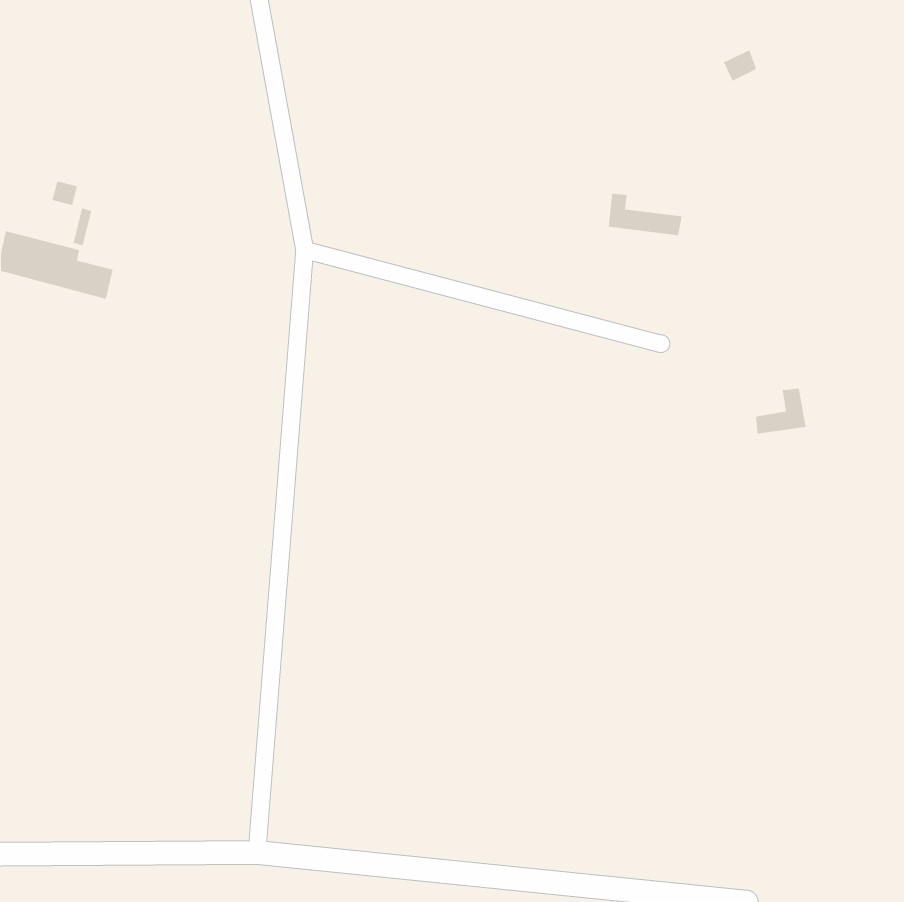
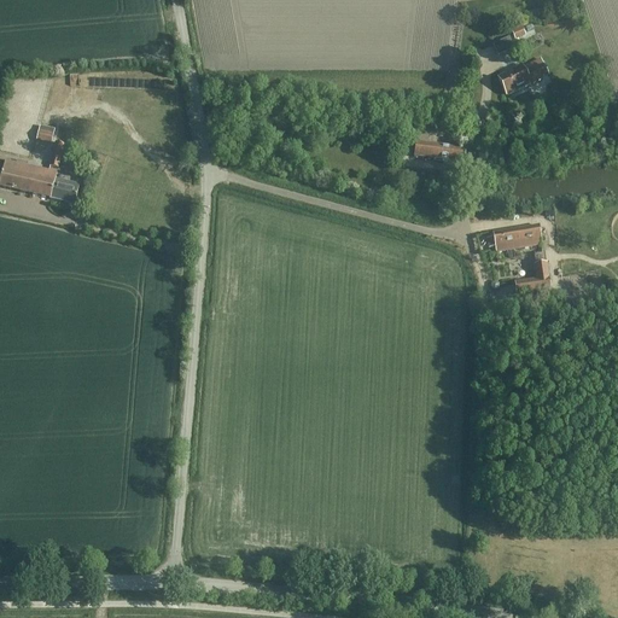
building: none -> [499,58,549,94]
building: none -> [488,223,541,250]

